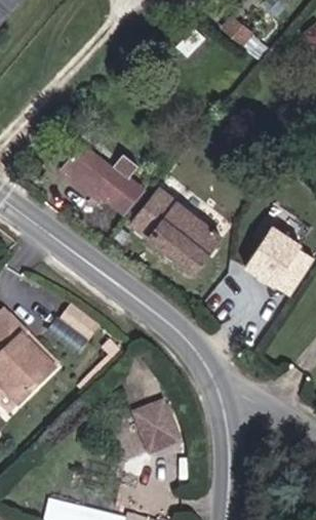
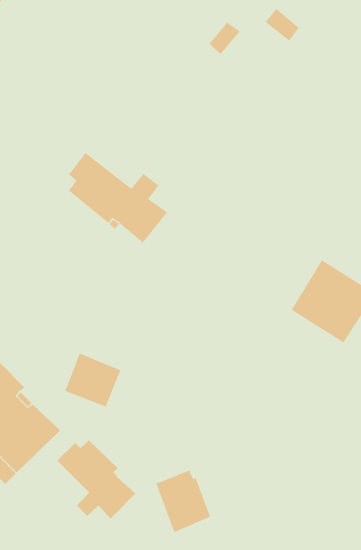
building: [129,187,221,273] -> none
building: none -> [57,440,136,519]

